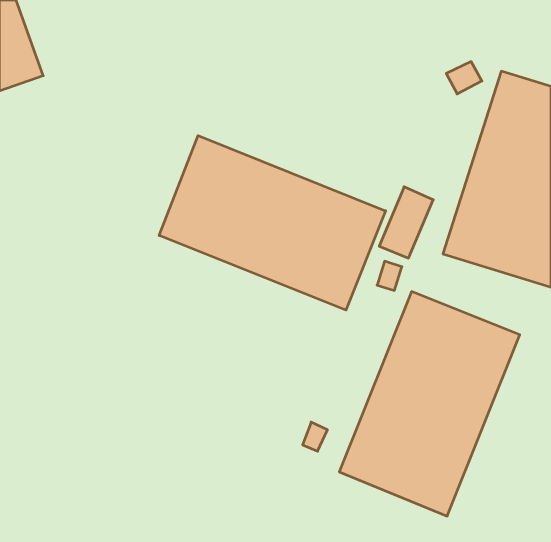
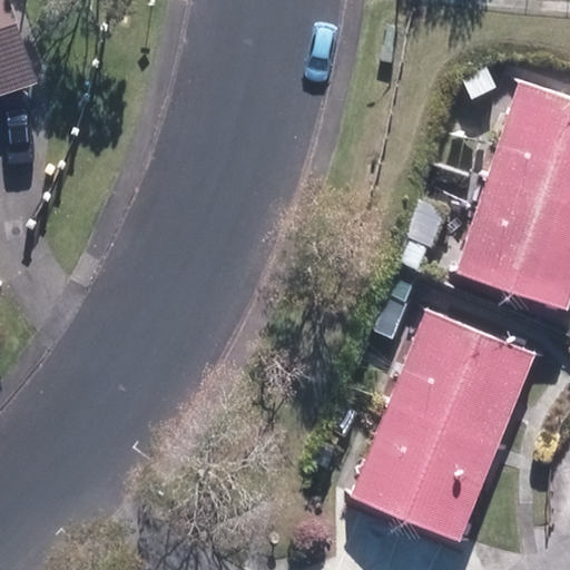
building: [159,136,386,310] -> none

